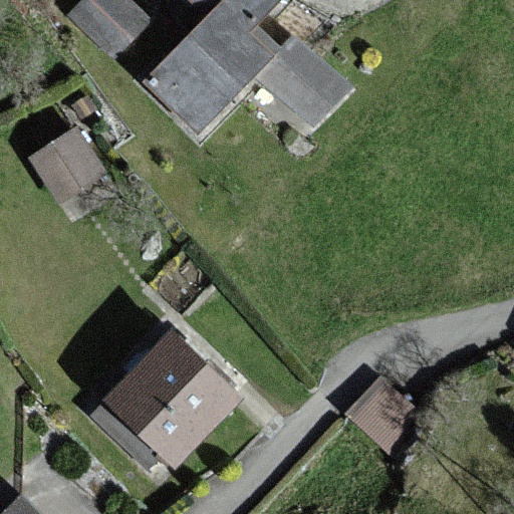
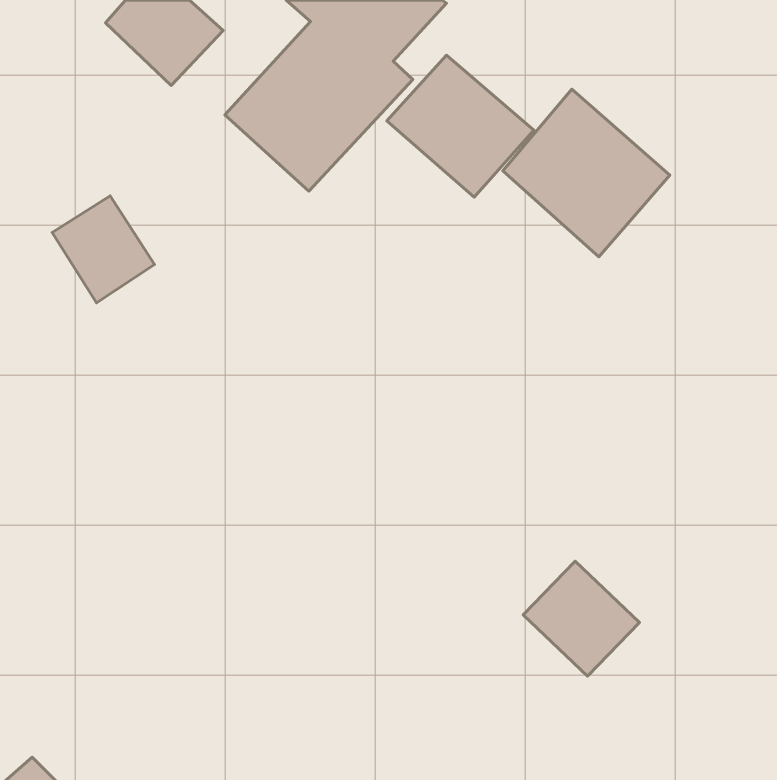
building: none -> [503,89,670,257]
building: [105,330,242,467] -> none

